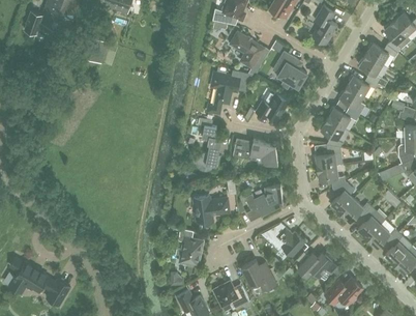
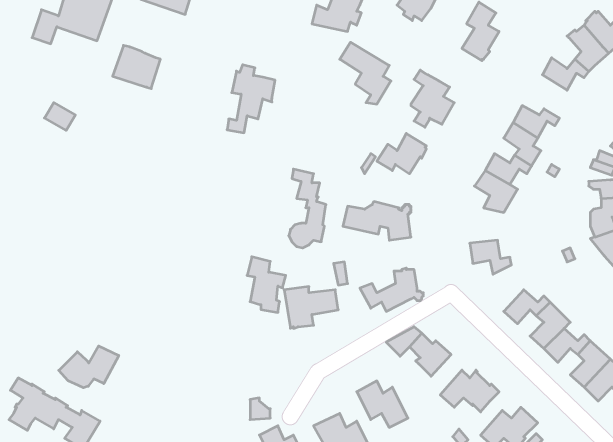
building: [358,54,387,87] -> none
building: [207,67,239,113] -> [227,65,275,133]
building: [315,143,341,167] -> none
building: [329,181,353,212] -> none
building: [177,228,203,265] -> [247,257,286,312]
building: none -> [59,346,119,388]

